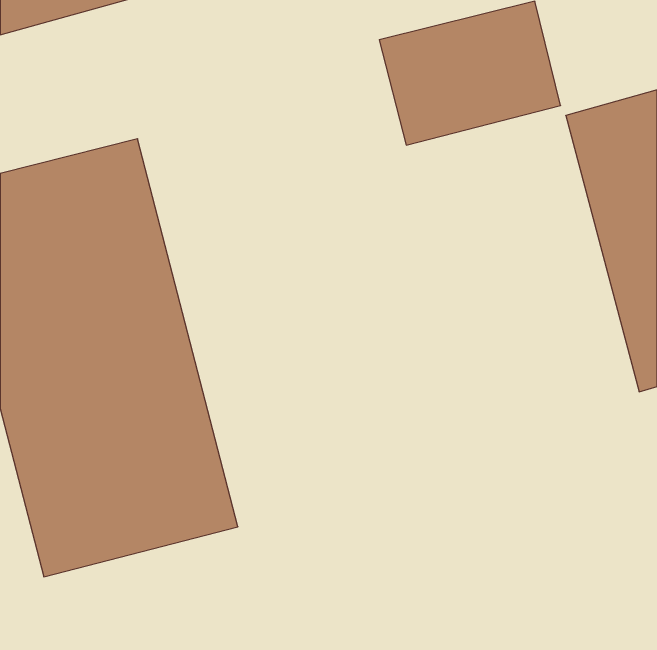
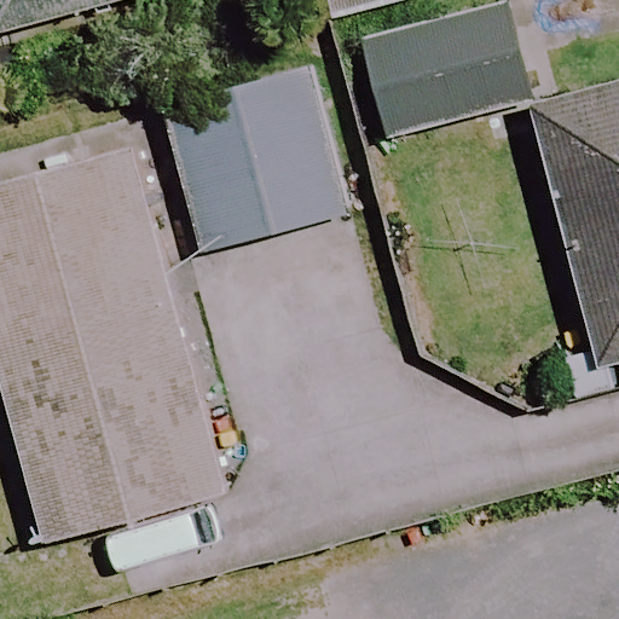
building: none -> [163,71,345,254]

